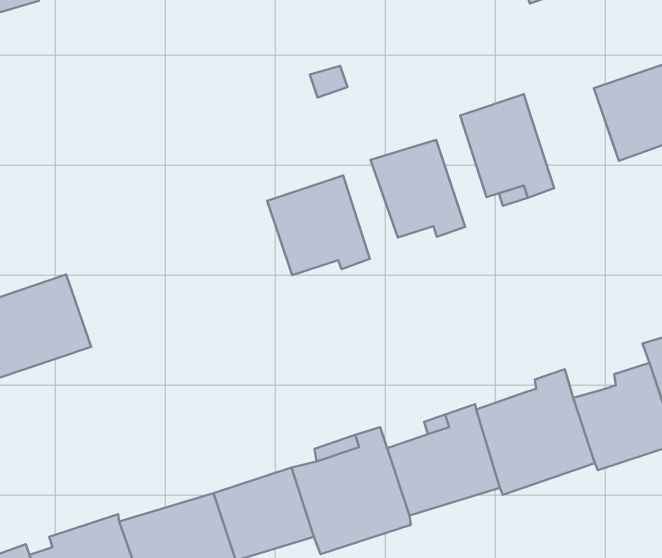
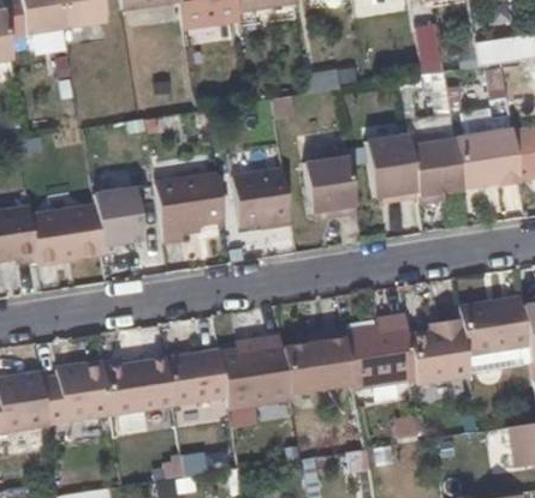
building: none -> [411,138,464,206]
building: none -> [157,174,227,242]
building: none -> [95,187,144,252]

